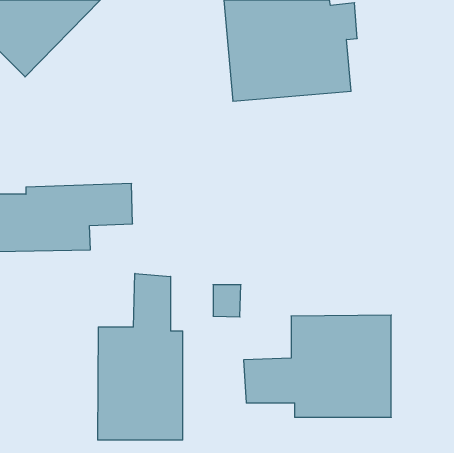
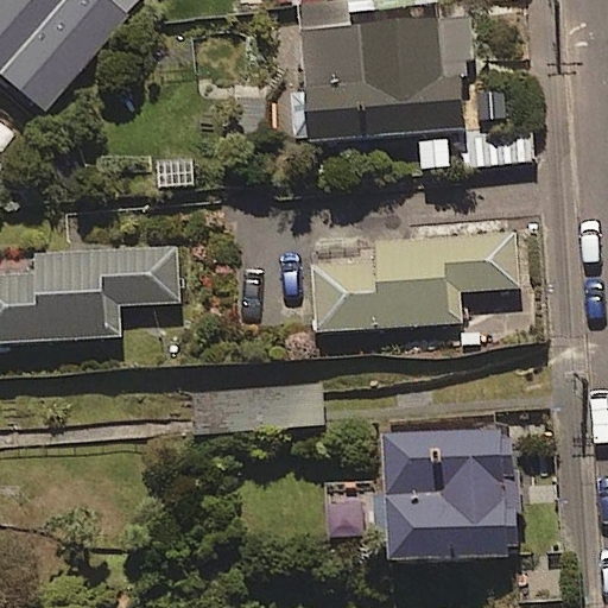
building: none -> [311,234,518,332]
building: [98,273,183,440] -> none

